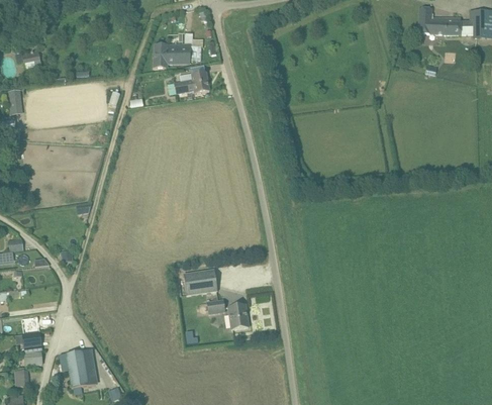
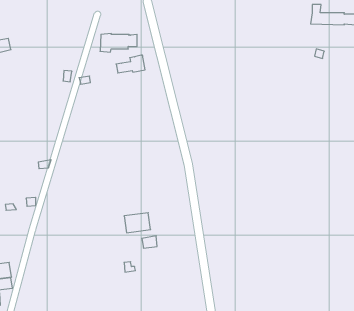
building: [228,303,249,328] -> none
building: [66,348,95,388] -> none

